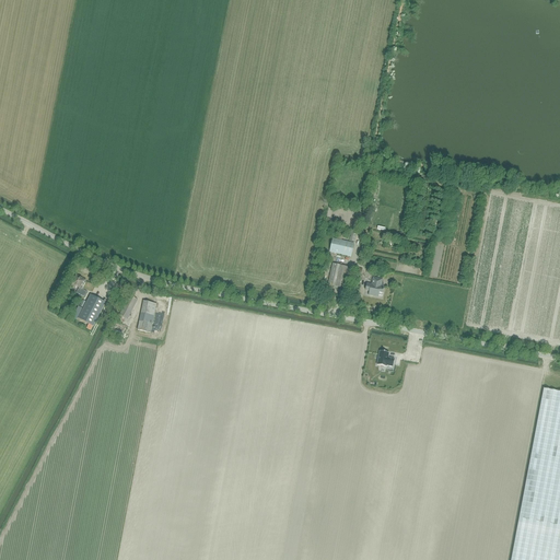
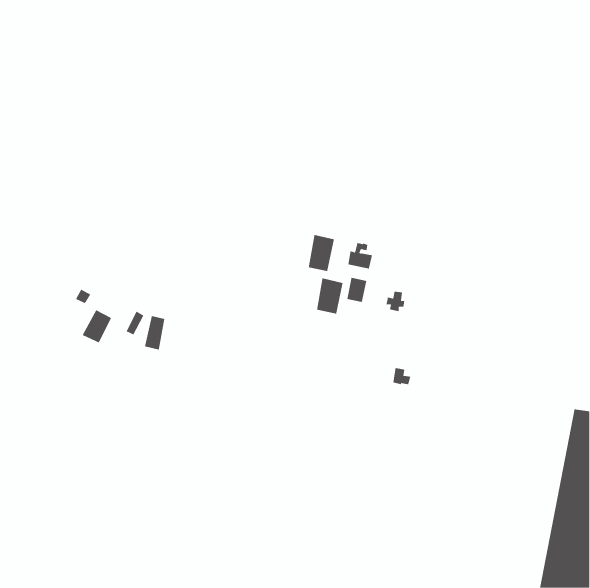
building: none -> [308,234,334,272]
building: none -> [316,277,343,314]

